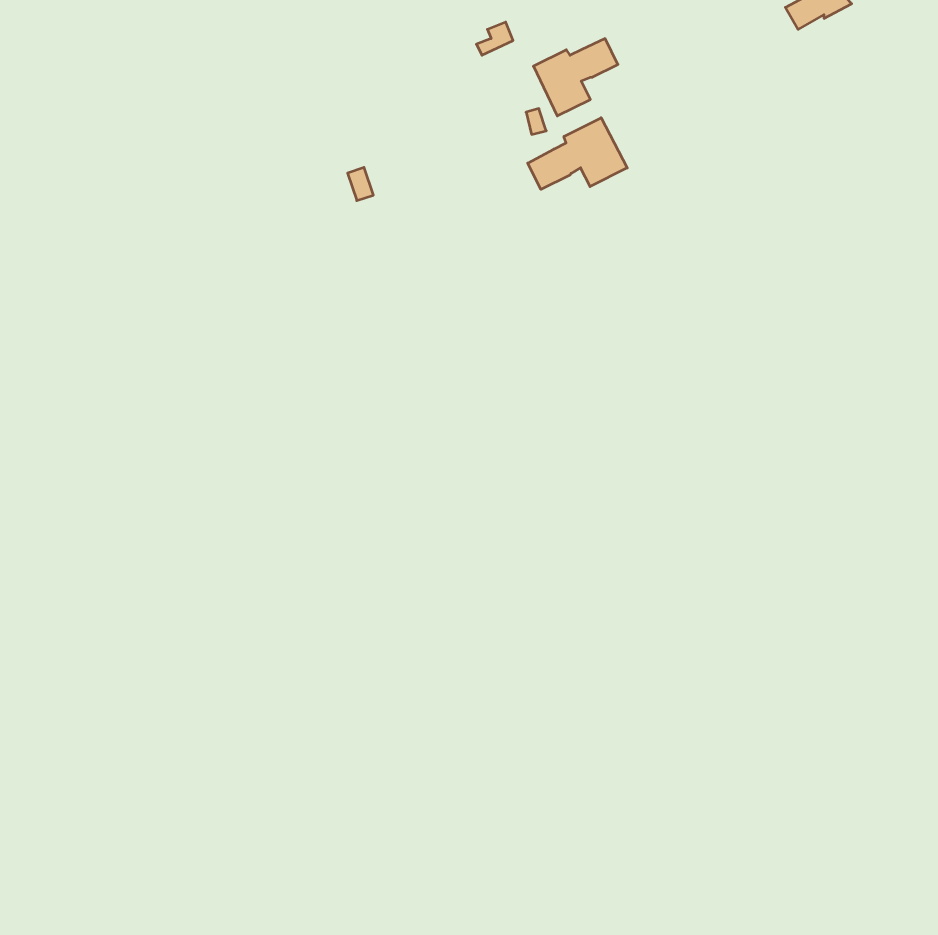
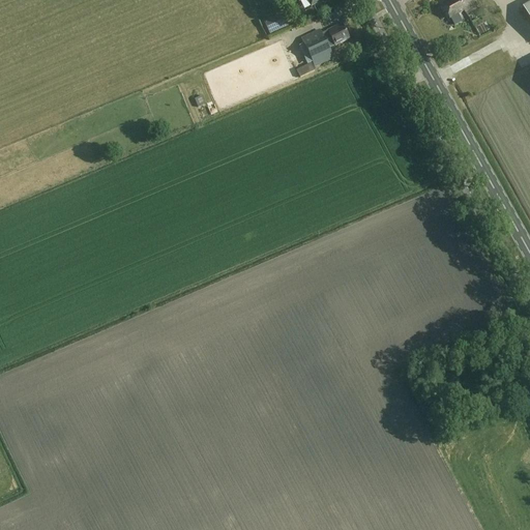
building: [528,118,627,189] -> none

